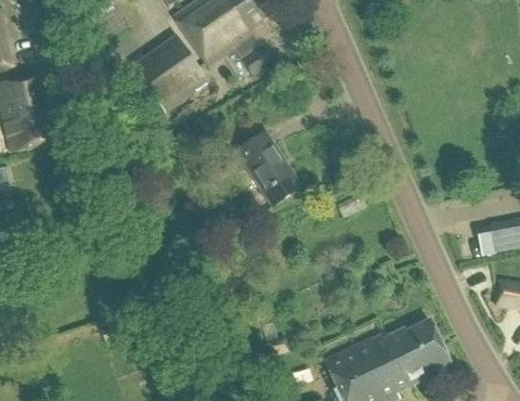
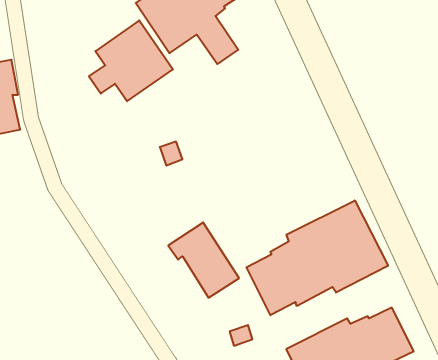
building: [230,130,300,205] -> [168,222,239,298]
building: none -> [246,200,388,315]

